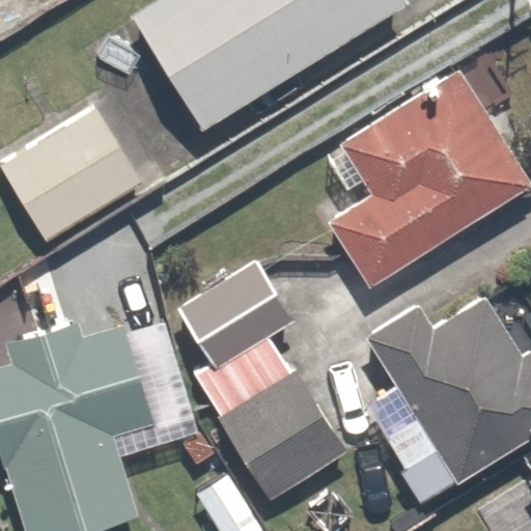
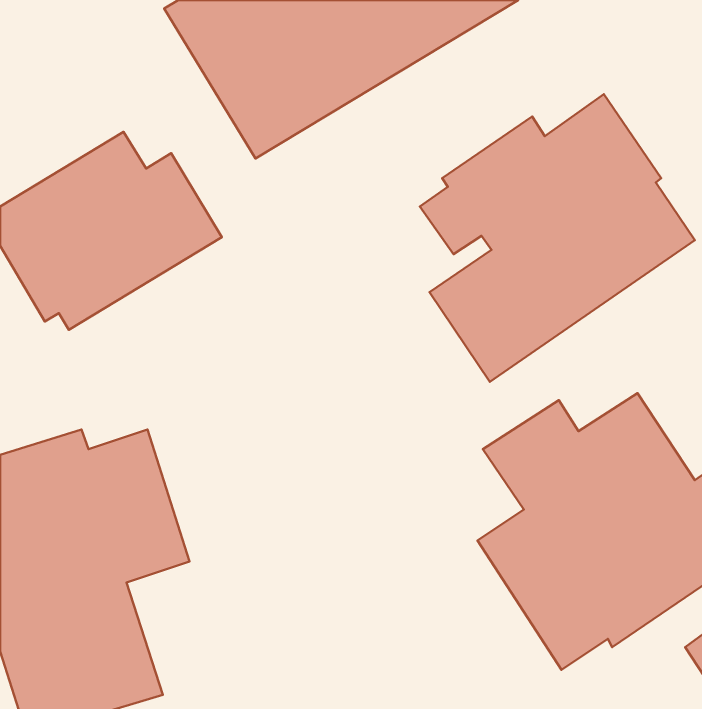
building: [174,267,352,500] -> none

